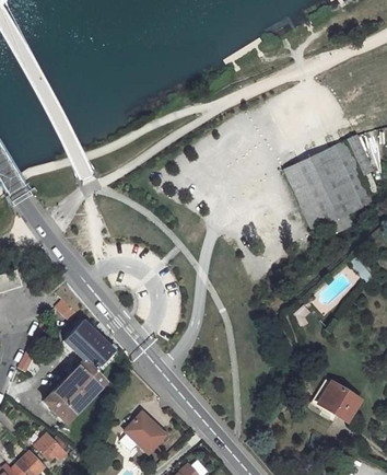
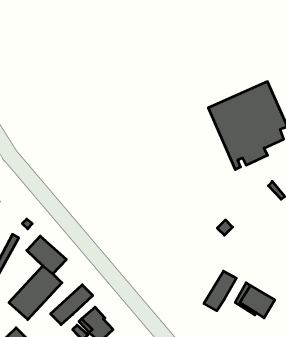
building: none -> [204,271,236,311]
building: none -> [51,285,93,325]

